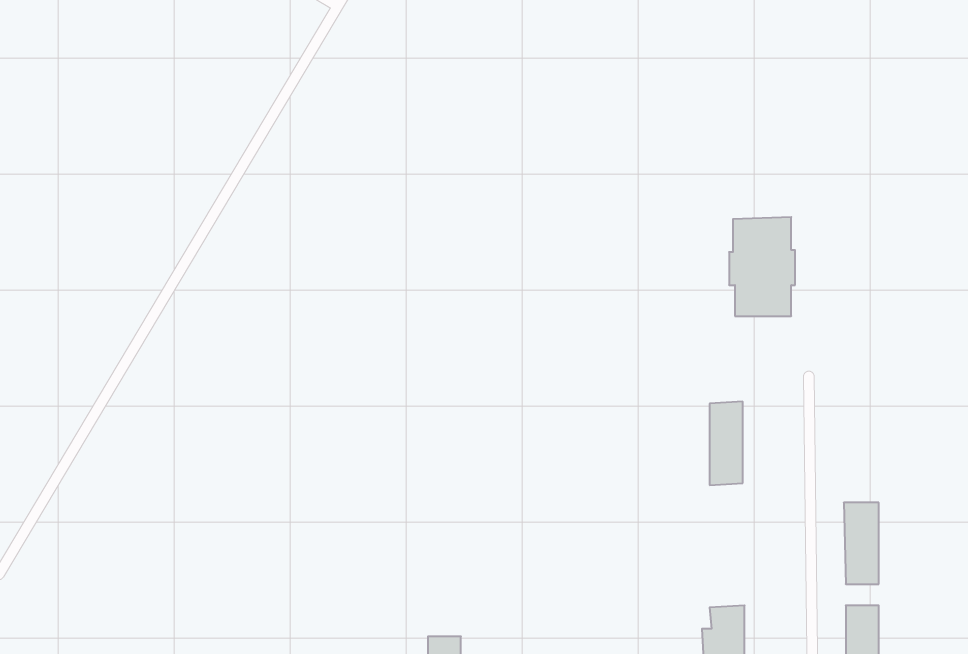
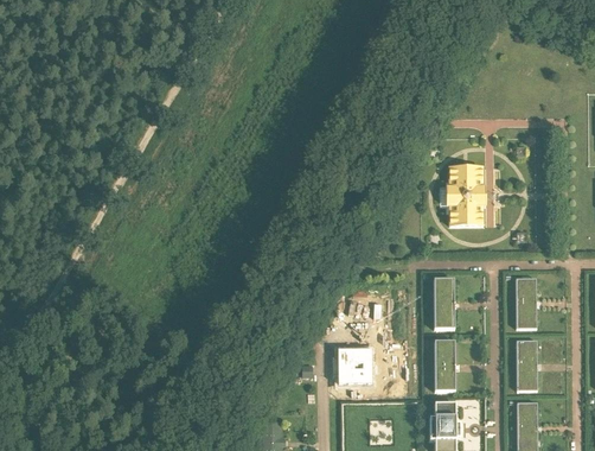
building: none -> [516,279,536,329]
building: none -> [434,342,455,392]
building: none -> [335,349,370,385]

